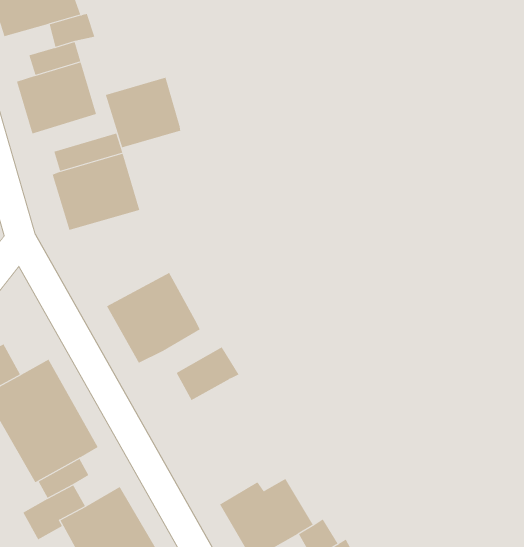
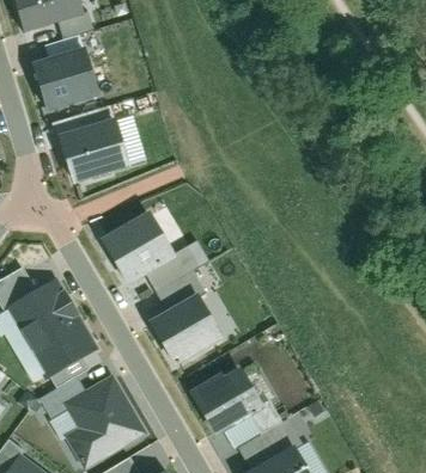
building: [105,77,181,148] -> none
building: none -> [146,238,207,288]
building: none -> [148,293,220,360]

